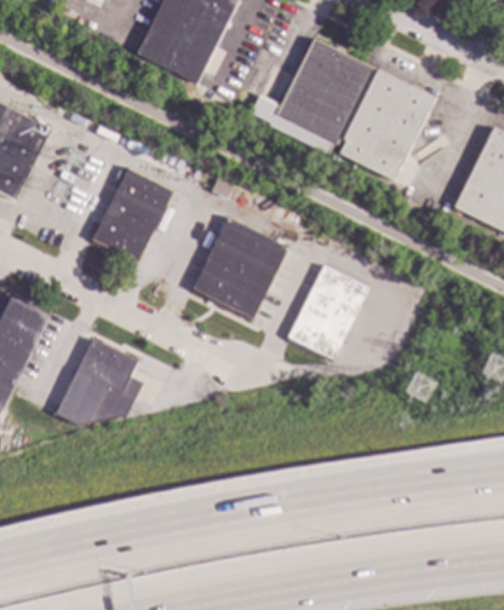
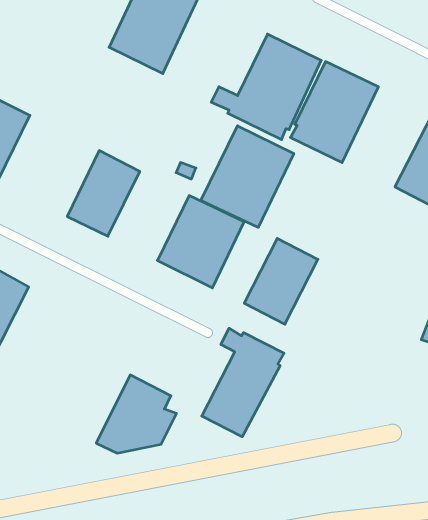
building: none -> [201,126,294,227]
building: [56,339,144,425] -> [96,375,176,453]
building: none -> [202,328,284,437]

